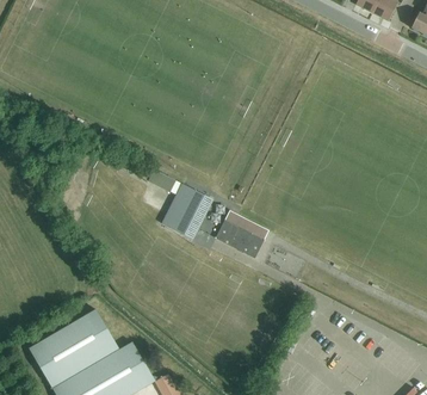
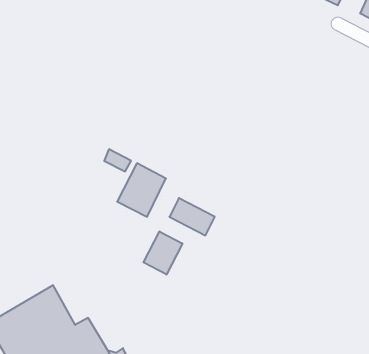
building: none -> [143,231,182,275]

